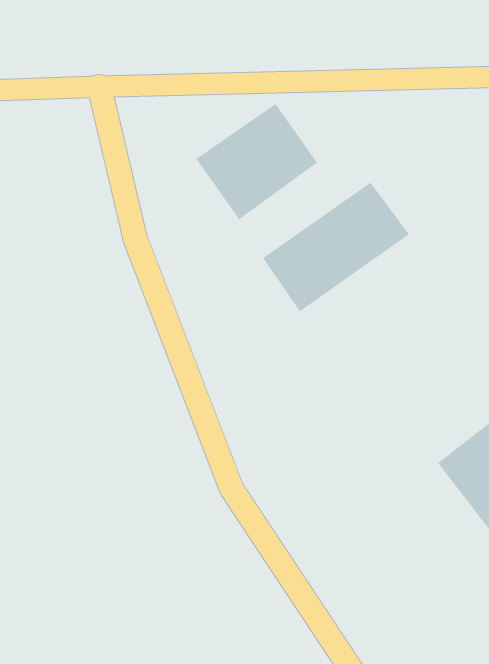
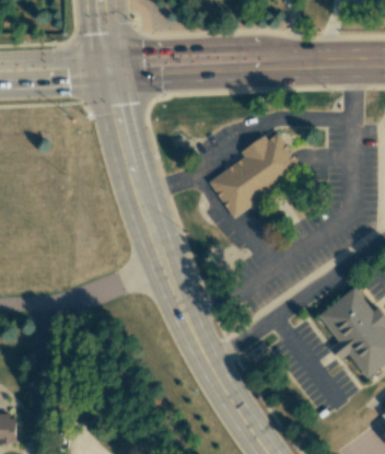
building: [195,103,318,220] -> none

